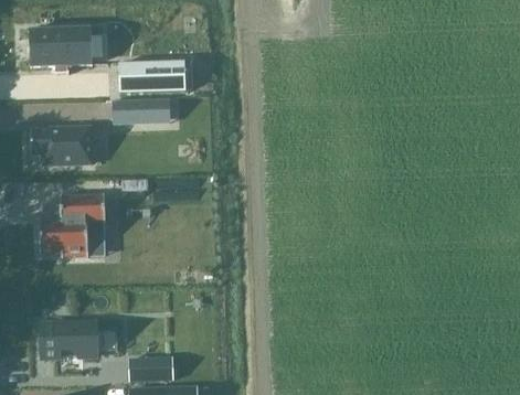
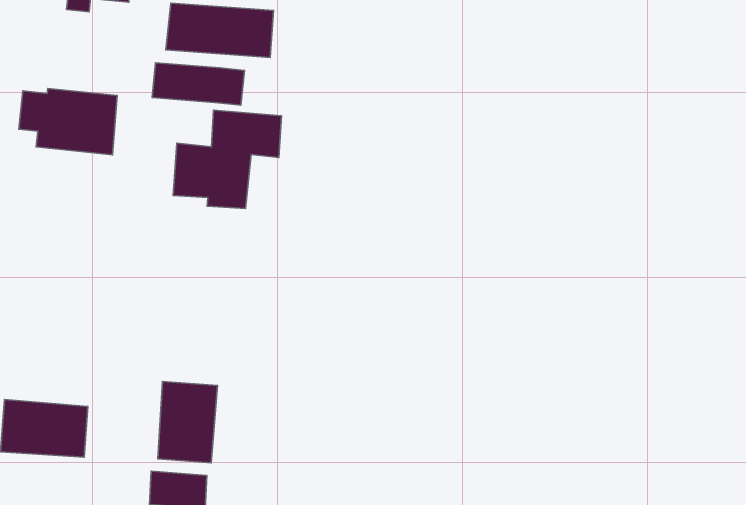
building: [39,195,104,257] -> [173,110,281,208]
building: none -> [158,382,218,463]

